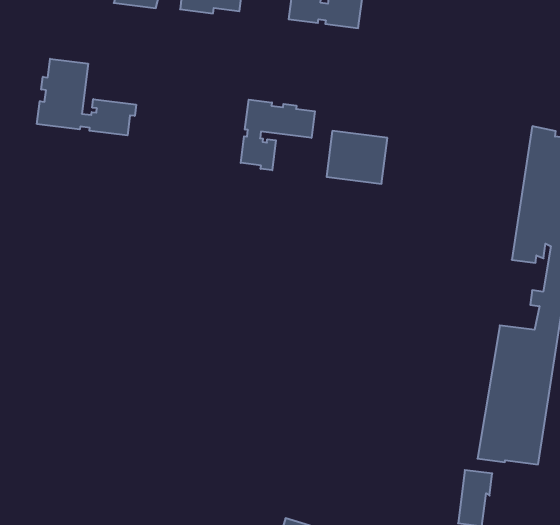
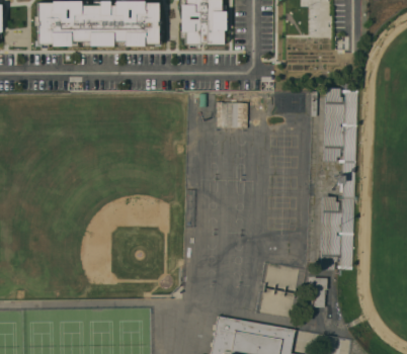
building: [37,59,136,135] -> none
building: [241,100,315,170] -> none

